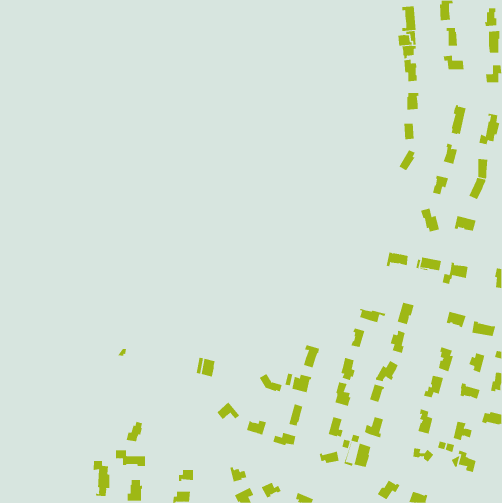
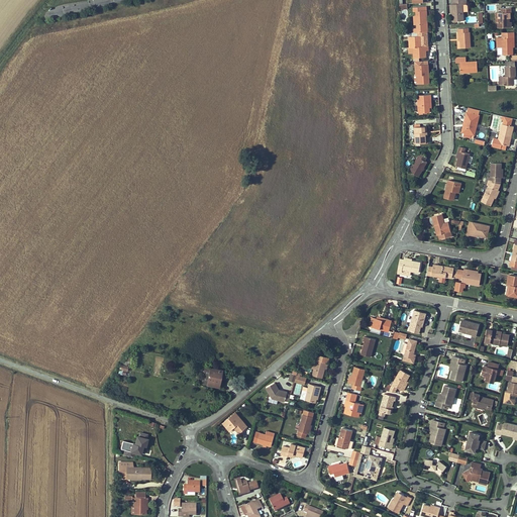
building: [93,460,110,497] -> none

